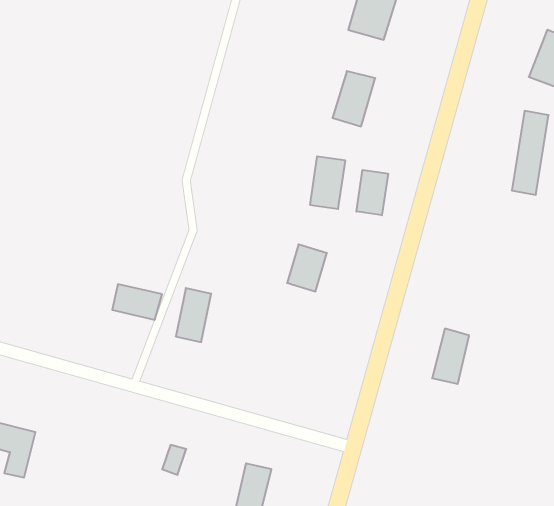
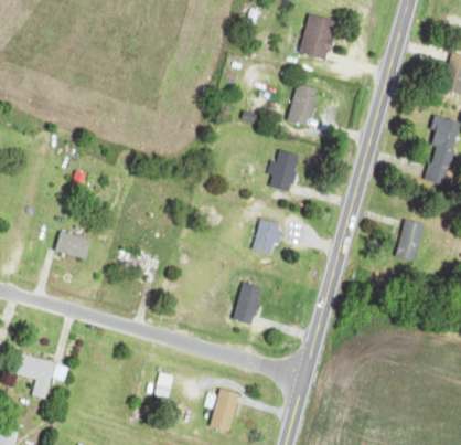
building: [356,170,388,215] -> none
building: none -> [54,230,90,258]
building: [176,288,211,342] -> [234,282,261,324]
building: [432,329,469,384] -> [395,219,424,262]

